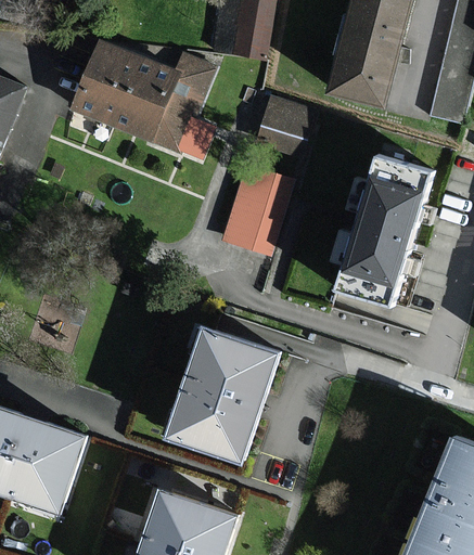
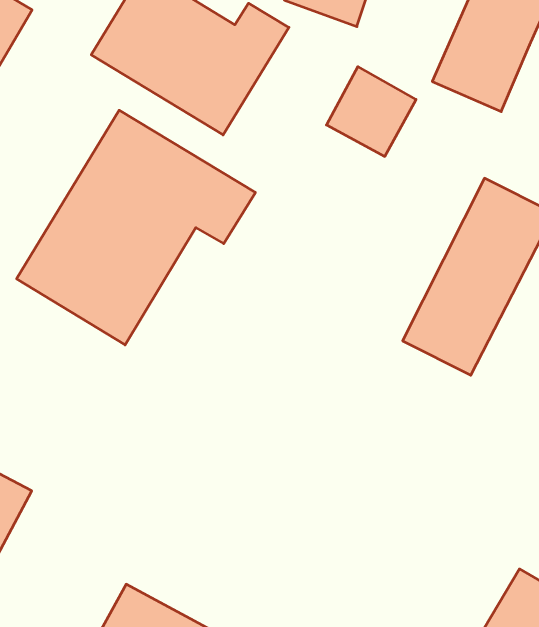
building: none -> [17,110,255,345]
building: [223,164,294,250] -> none
building: [168,330,276,461] -> none

